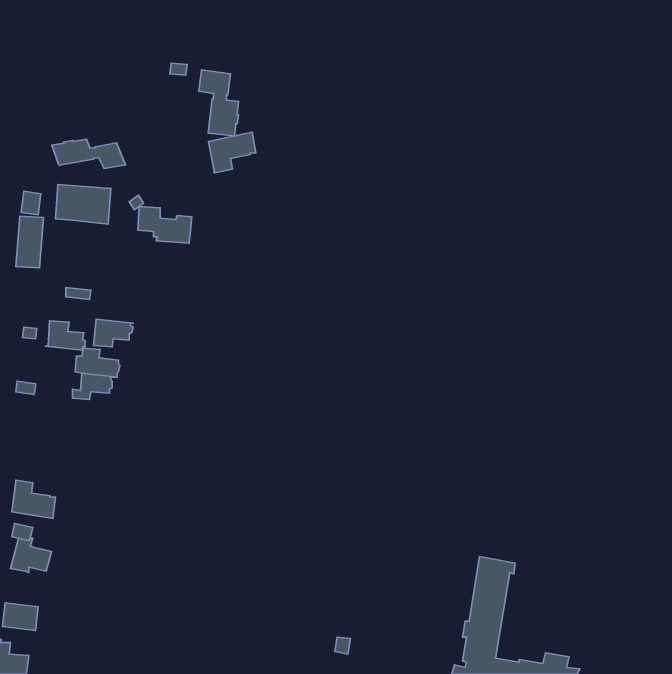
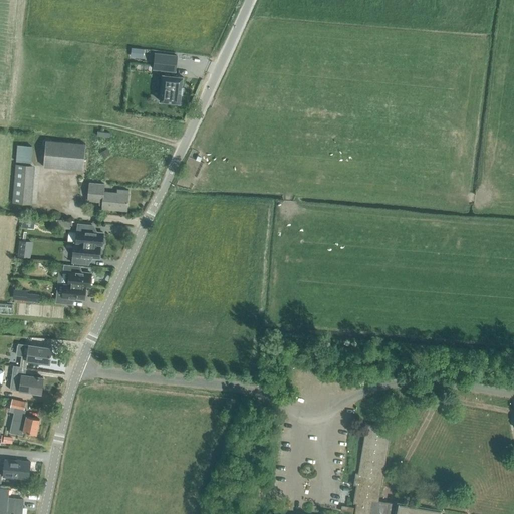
building: [209,132,256,173] -> none
building: [52,139,125,169] -> none
building: [138,206,192,243] -> [86,183,127,211]
building: [46,321,85,350] -> [73,224,103,246]
building: none -> [12,345,51,367]

